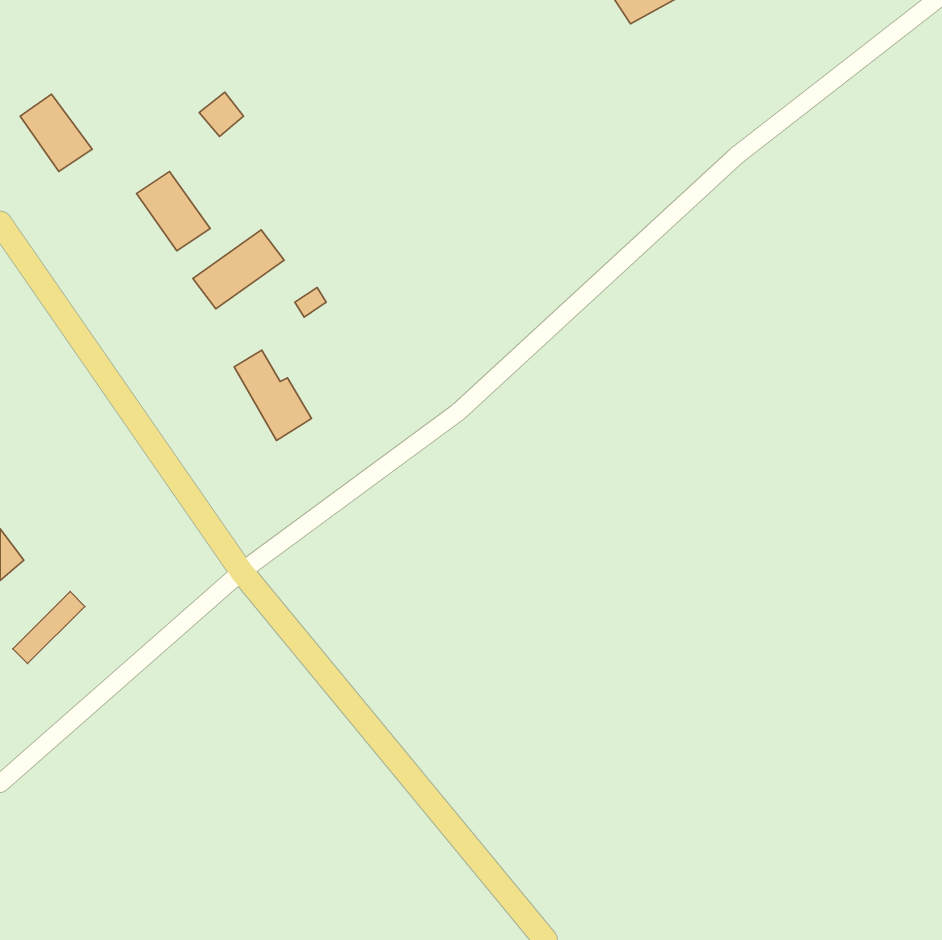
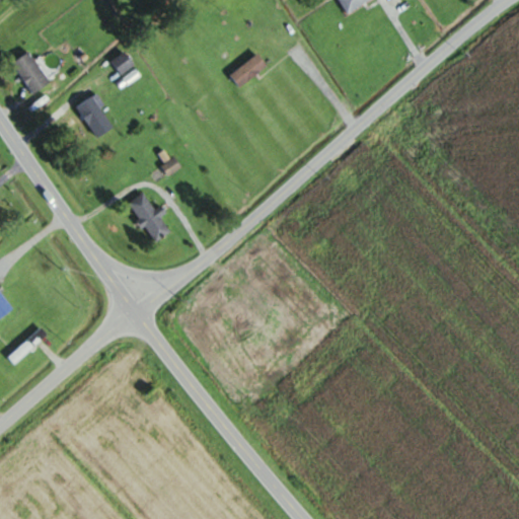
building: none -> [229,54,268,88]
building: [193,230,284,309] -> none

